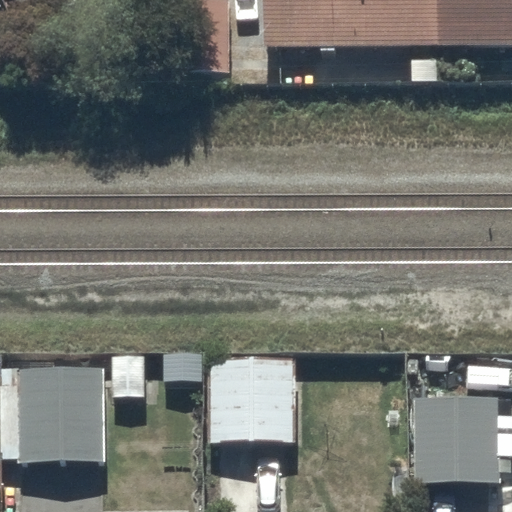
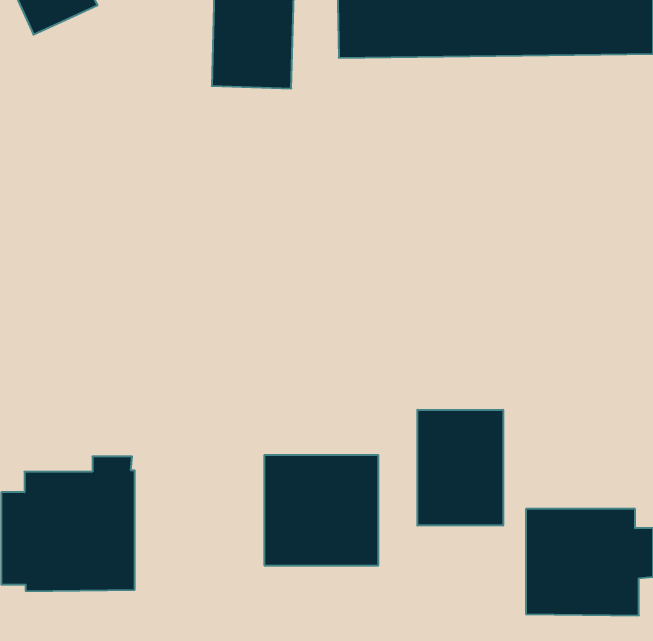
building: none -> [417,410,503,526]

